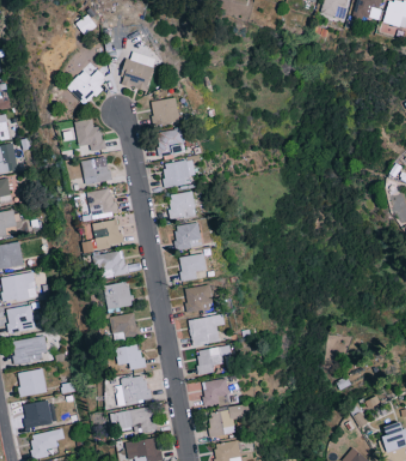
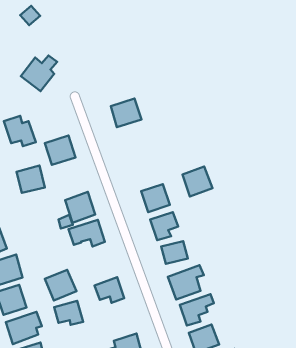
building: [120,51,156,92] -> none
building: [150,97,181,127] -> none
building: [75,119,105,151] -> [4,116,36,146]
building: [162,160,195,188] -> none
building: [89,189,116,215] -> [17,165,45,193]
building: [168,191,197,220] -> [183,167,212,196]
building: [103,281,134,311] -> [45,270,76,300]
building: [116,345,144,369] -> [54,301,83,325]

